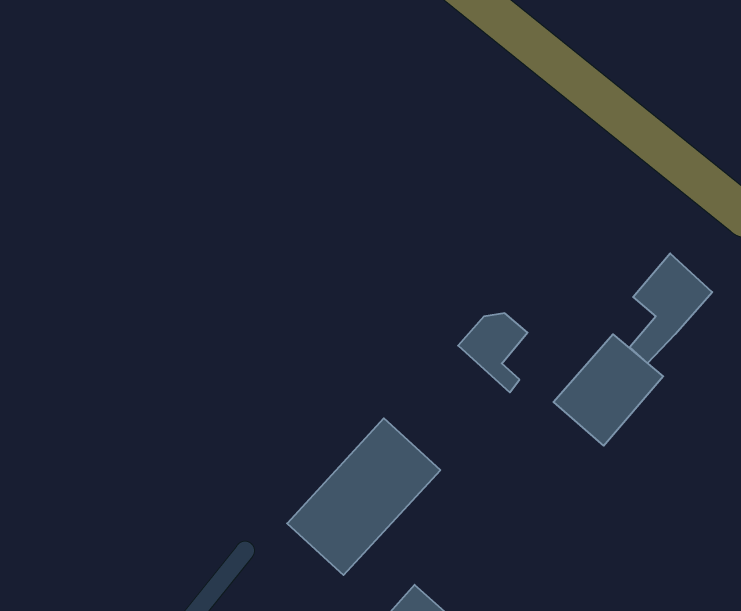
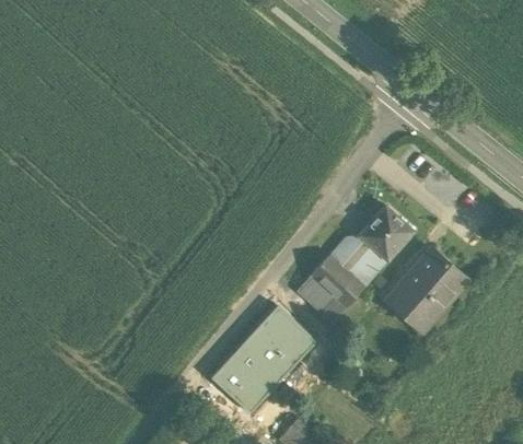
building: [630,253,712,363] -> [357,206,412,280]
building: none -> [299,257,362,320]

